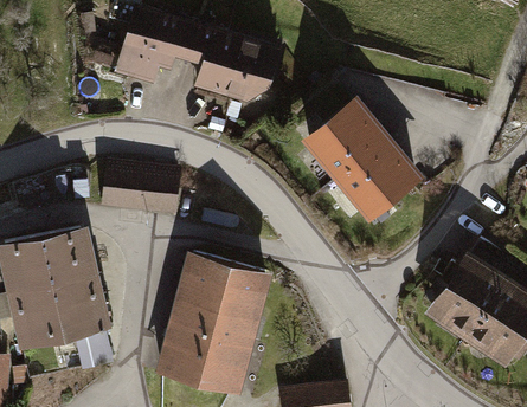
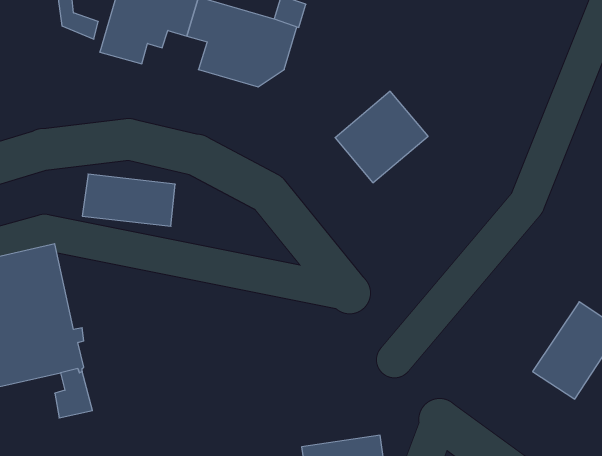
building: [338,141,412,214] -> none
building: [435,254,506,332] -> none
building: [160,256,263,393] -> none

